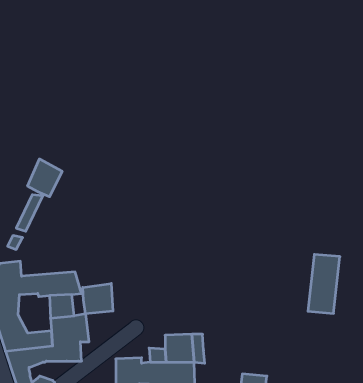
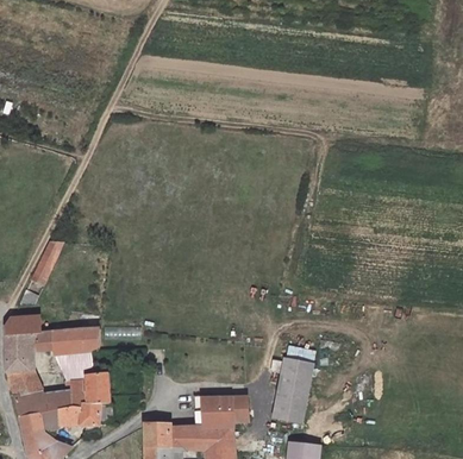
building: [28,159,62,197] -> none
building: [308,254,340,313] -> [268,354,304,420]
building: [83,283,113,314] -> none

